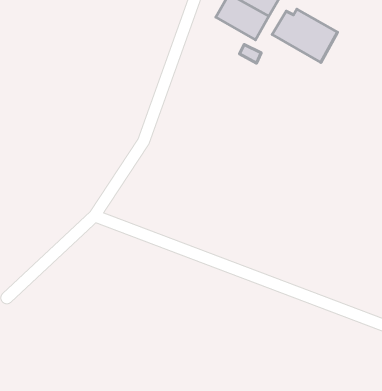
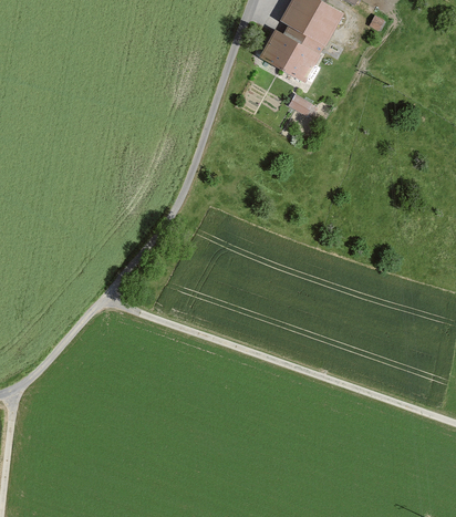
building: [272,9,338,62] -> none

